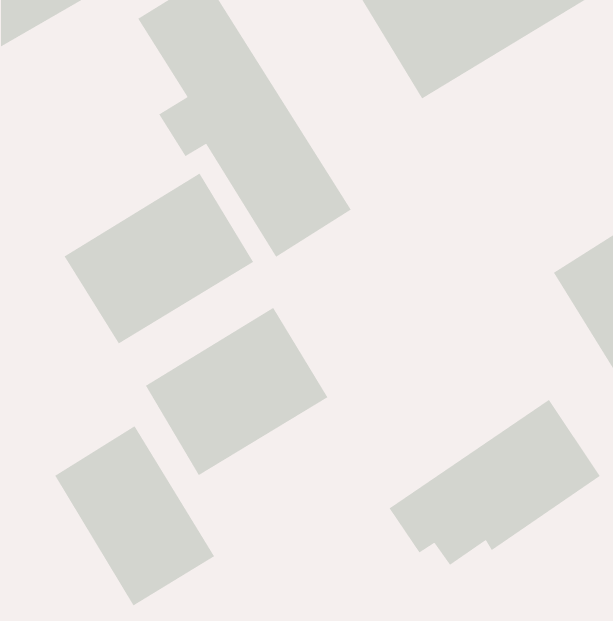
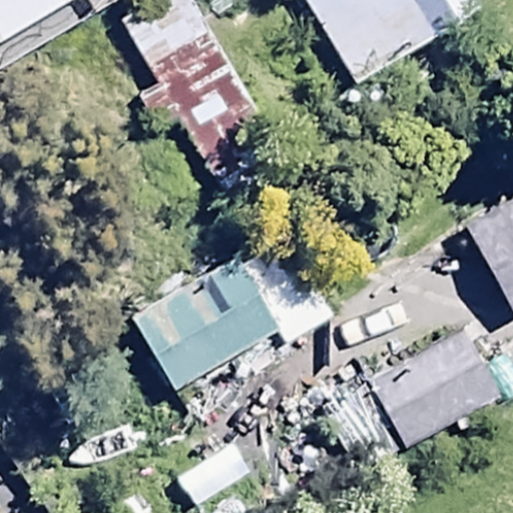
building: [64,173,254,345] -> none
building: [54,425,215,606] -> none

